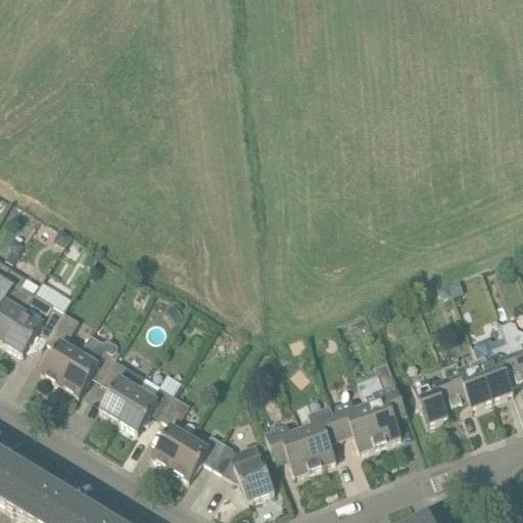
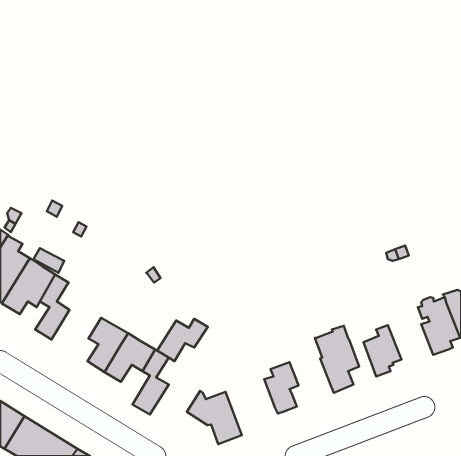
building: [58,334,118,396] -> none
building: [439,362,490,408] -> none
building: [328,401,378,451] -> none
building: [262,426,315,476] -> none
building: [170,433,227,481] -> [157,319,208,361]

